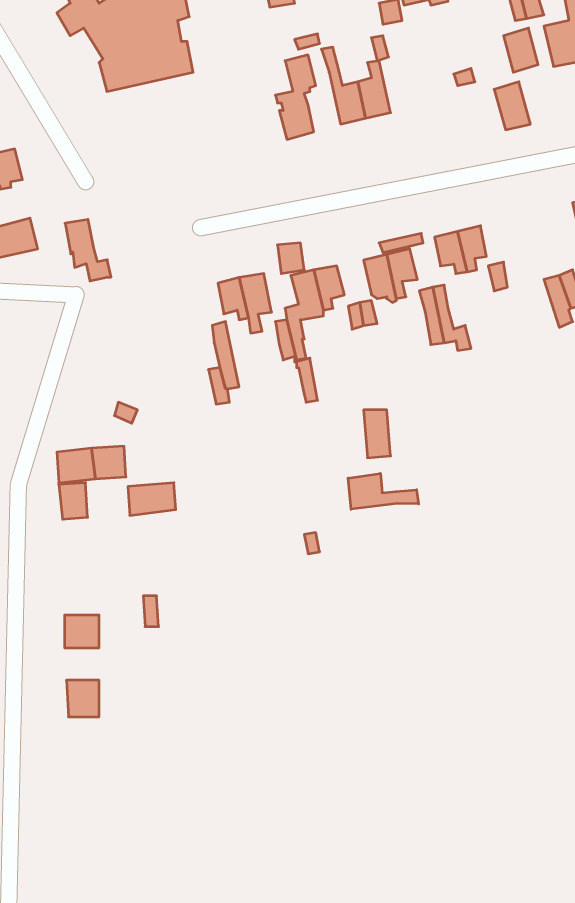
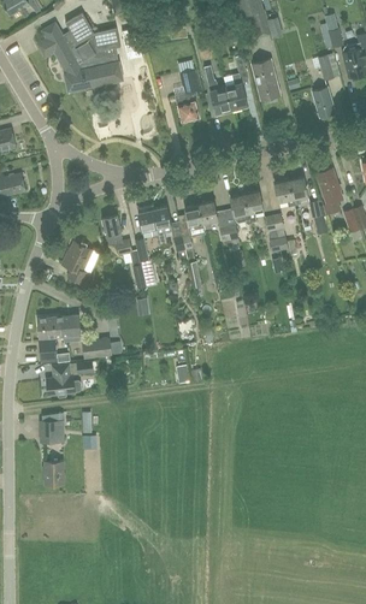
building: none -> [252,58,279,99]
building: none -> [317,167,342,213]
building: [65,219,111,281] -> [102,214,131,253]
building: none -> [61,241,93,283]
building: [348,473,419,509] -> none
building: none -> [46,361,94,397]

